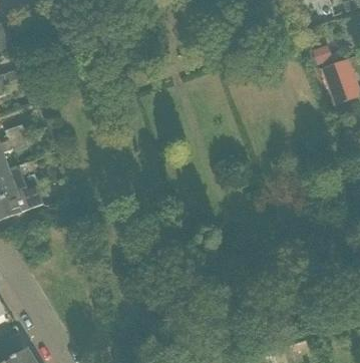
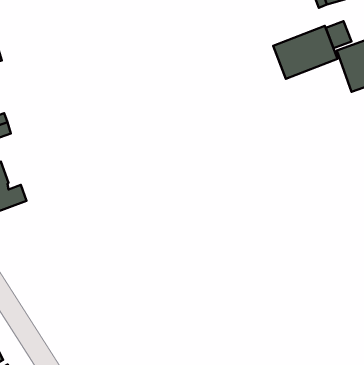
building: none -> [273,26,337,79]

